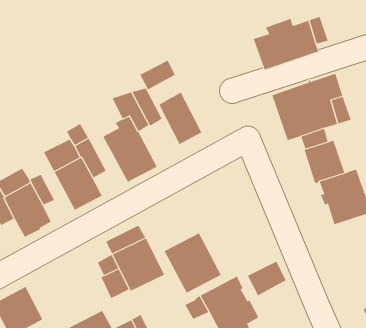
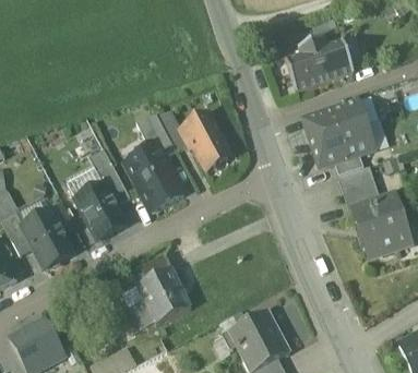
building: [139,60,176,90] -> none
building: [164,232,221,294] -> none
building: [247,261,286,296] -> none

